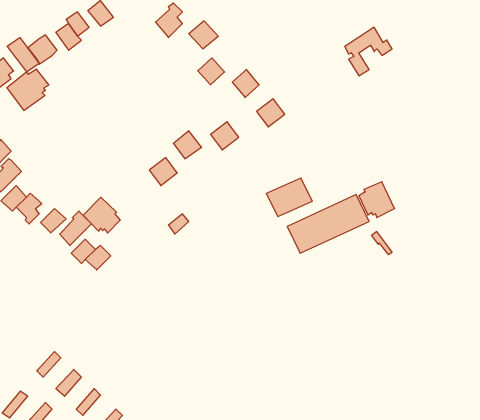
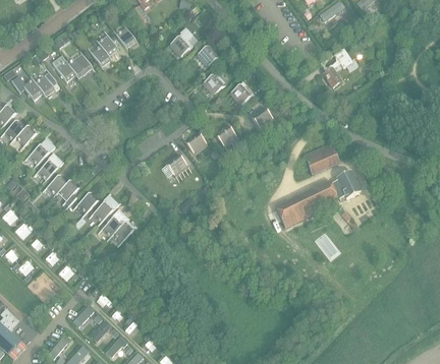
building: [7,69,49,111] -> none
building: [266,178,312,216] -> [304,143,340,174]
building: [83,197,120,233] -> none

